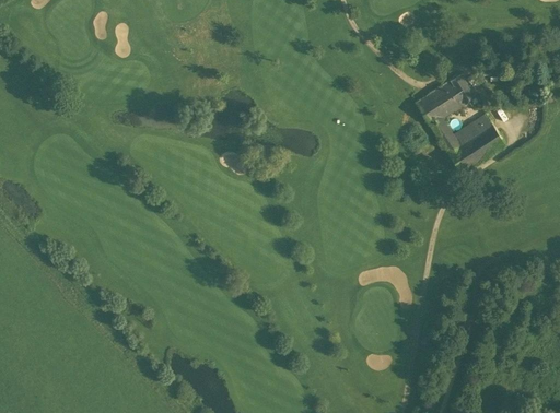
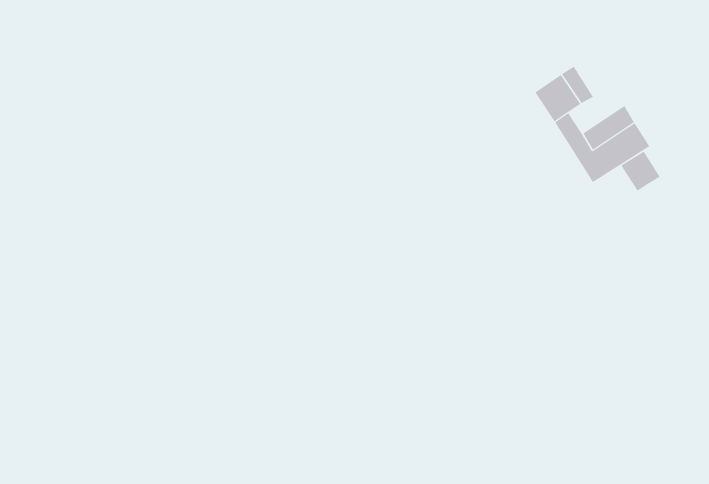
building: [447,72,476,105] -> none
building: none -> [621,151,660,191]

